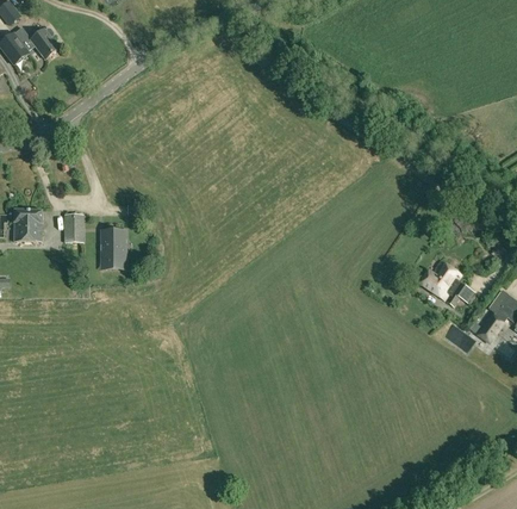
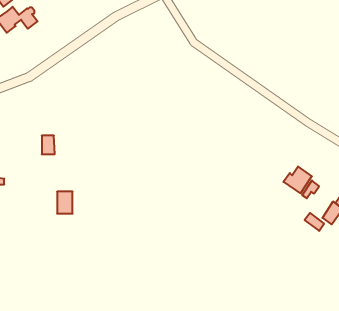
building: [13,210,42,242] -> none
building: [101,230,124,262] -> [57,192,73,214]

